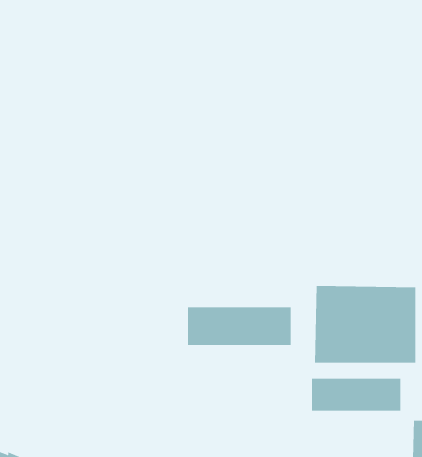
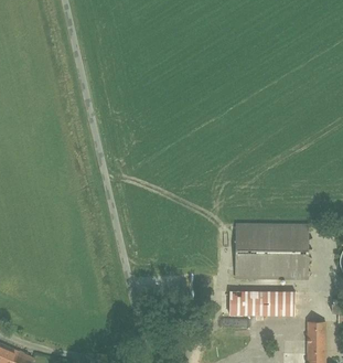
building: [188,307,291,346] -> none

